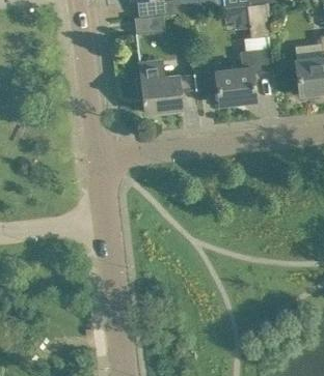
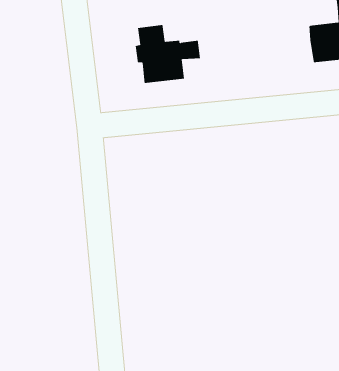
building: [215,49,269,104] -> none

